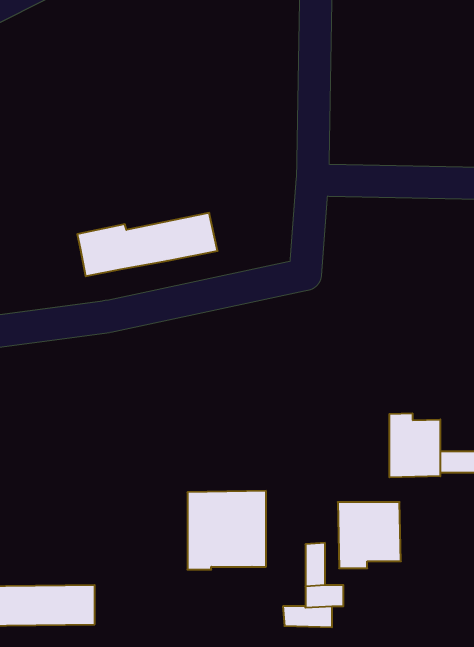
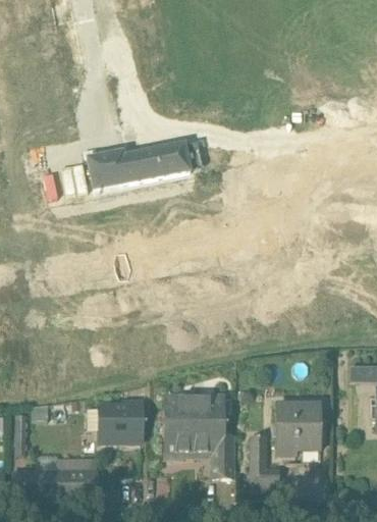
building: [77,213,218,276] -> [87,146,189,192]
building: [389,413,440,477] -> none
building: none -> [100,399,142,437]
building: none -> [213,433,235,470]

